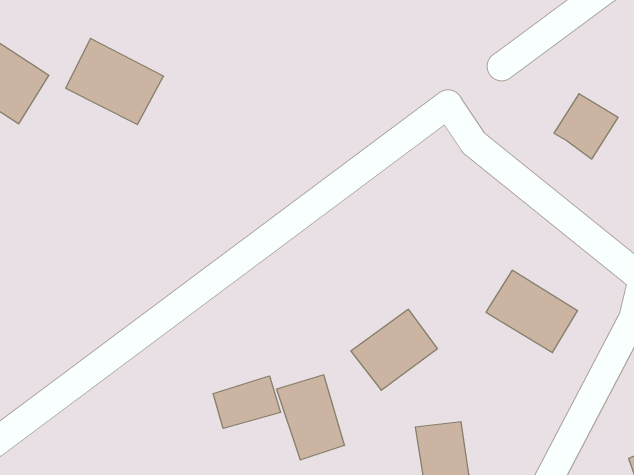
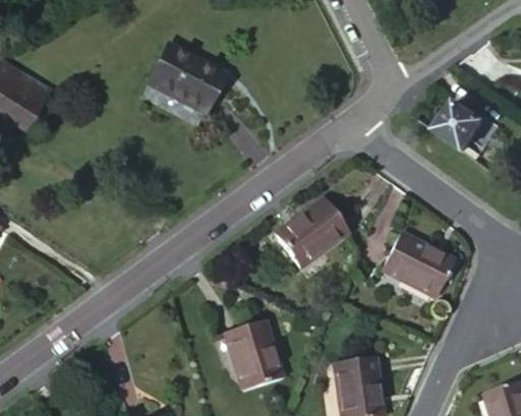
building: [66,38,164,125] -> [146,39,222,106]
building: [351,309,437,390] -> [284,200,351,263]
building: [213,376,281,428] -> none

